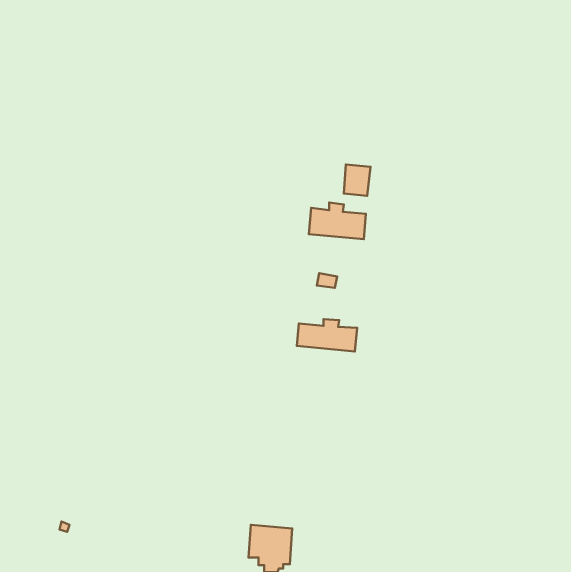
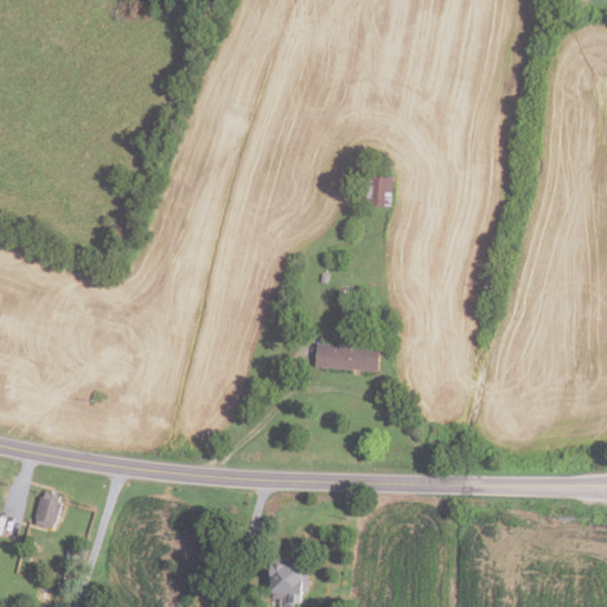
building: [309,203,366,239] -> none
building: none -> [33,491,60,528]

